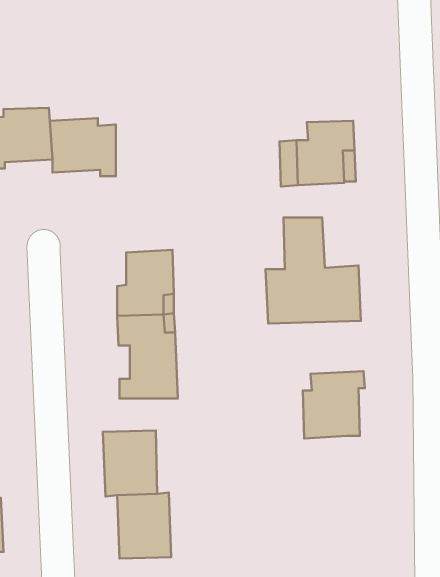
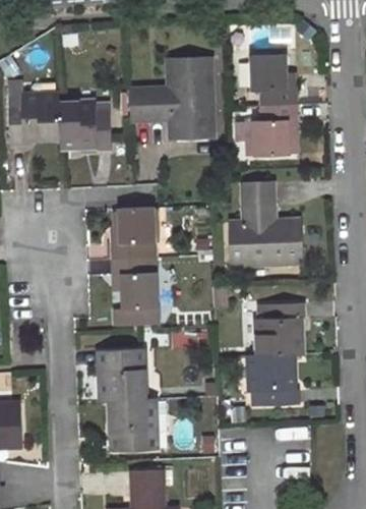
building: none -> [128,55,214,139]
building: none -> [250,55,297,106]
building: none -> [250,353,297,405]

